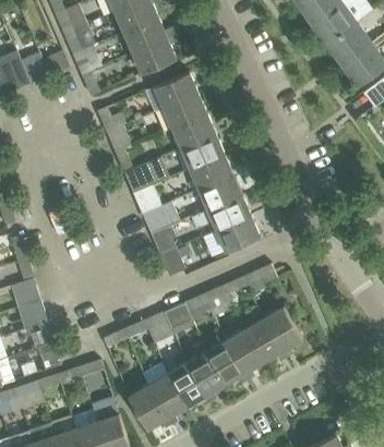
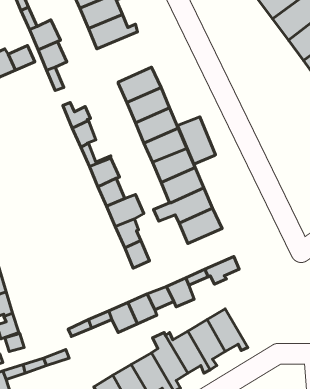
building: [132,36,177,74] -> none
building: none -> [177,117,215,164]
building: [263,306,302,358] -> none

